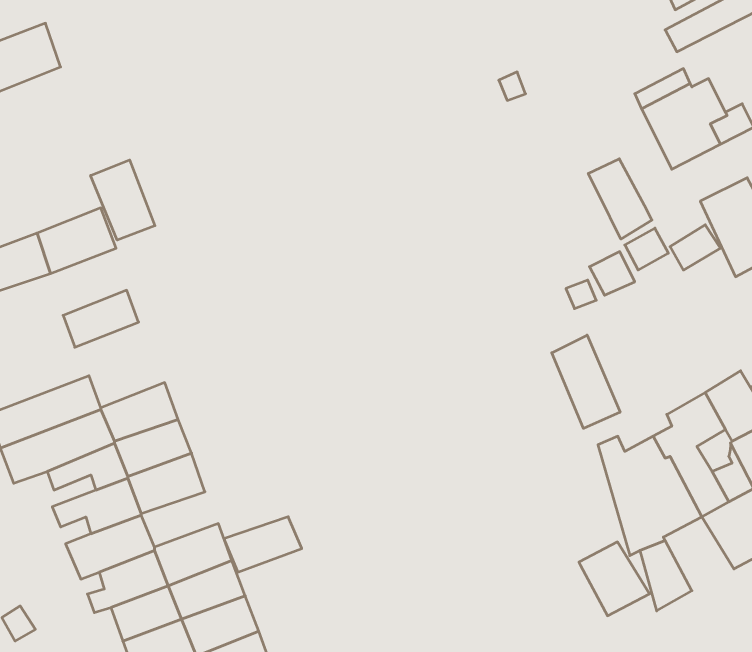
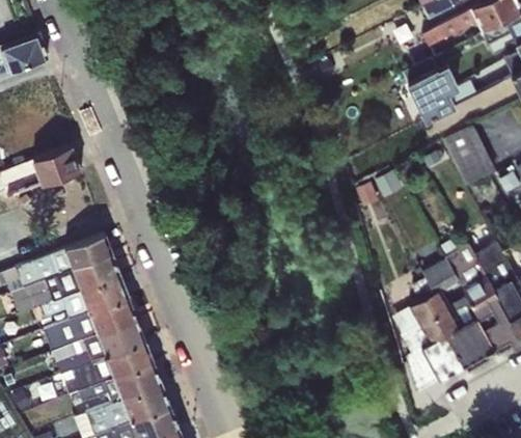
building: [588,159,652,239] -> none
building: [91,160,155,240] -> none
building: [63,290,139,347] -> [65,232,112,268]
building: [552,335,620,428] -> none
building: [224,517,302,572] -> [98,320,145,354]
building: [579,542,649,616] -> [420,335,464,381]

